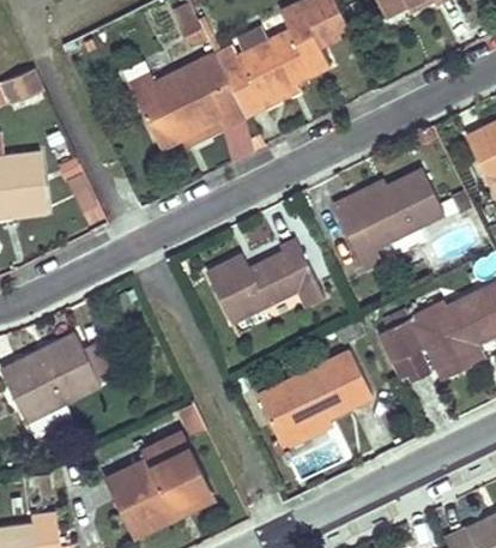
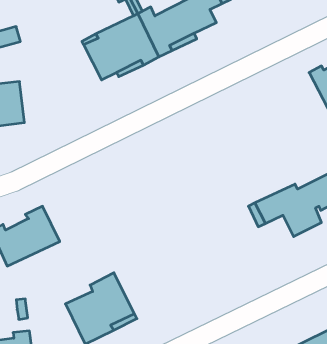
building: [337,169,444,255] -> none
building: [205,237,315,320] -> none
building: [256,349,373,448] -> none

